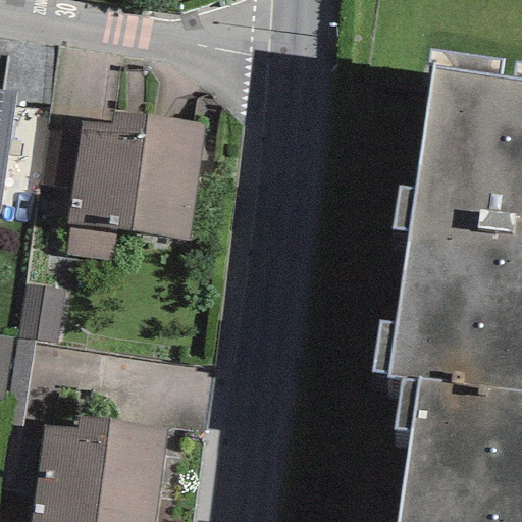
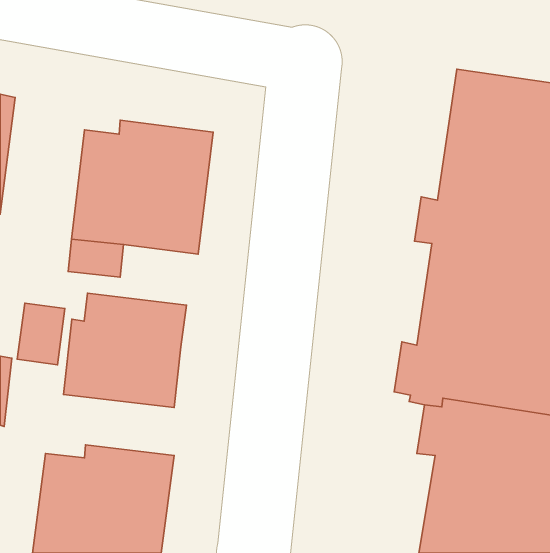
building: none -> [63,293,187,407]

